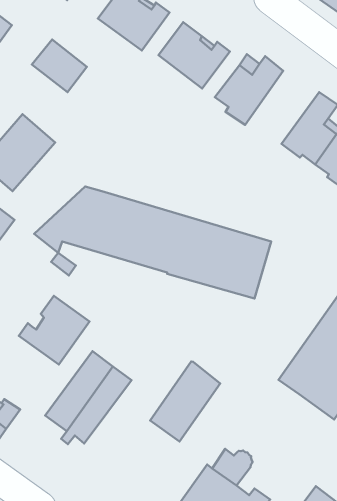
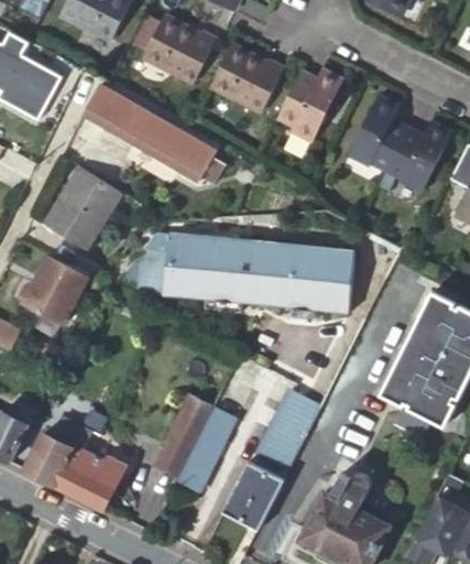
building: none -> [123,108,216,178]
building: [19,296,90,365] -> none
building: none -> [227,463,287,530]

